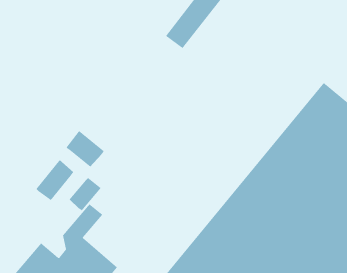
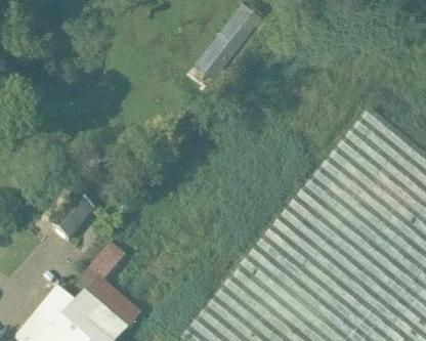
building: [66,130,105,168] -> none
building: [69,177,102,211] -> none

